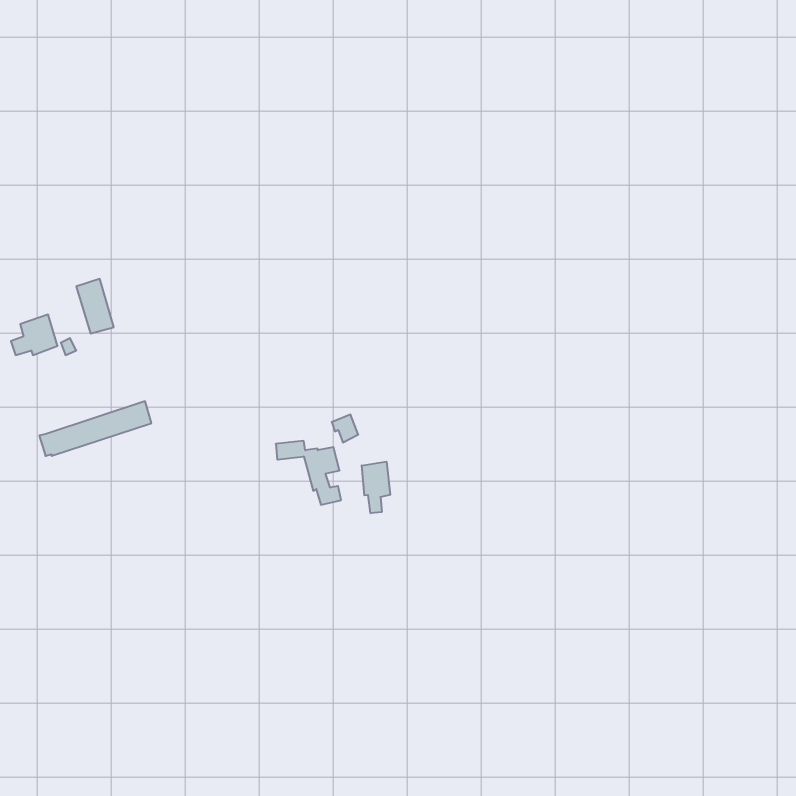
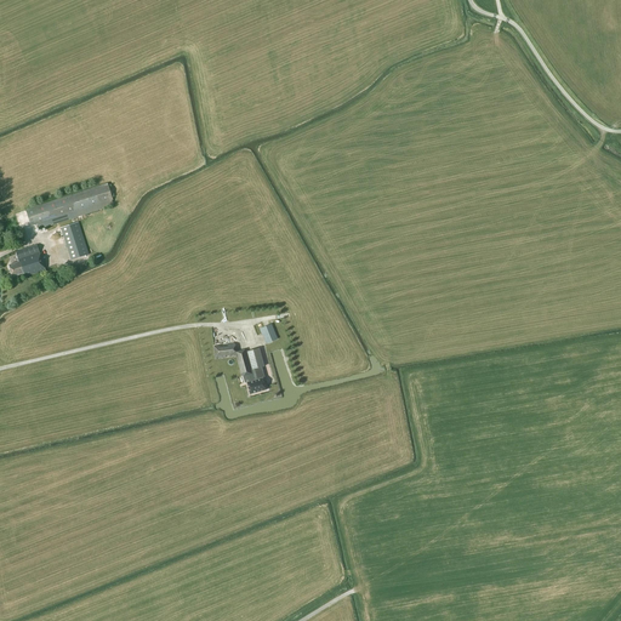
building: [39,401,151,456] -> [25,183,113,226]
building: [362,462,390,513] -> none

